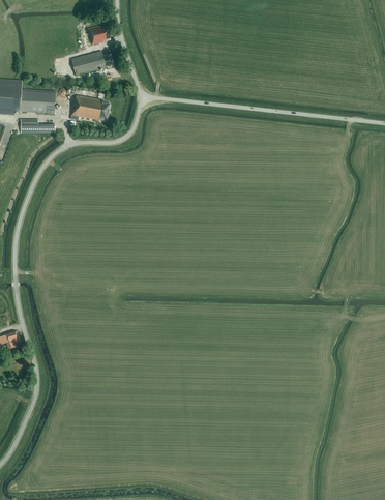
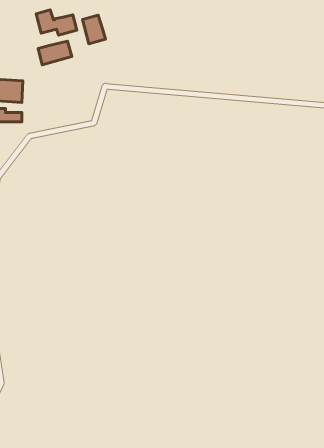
building: none -> [83,15,105,44]
building: [70,89,110,119] -> none

